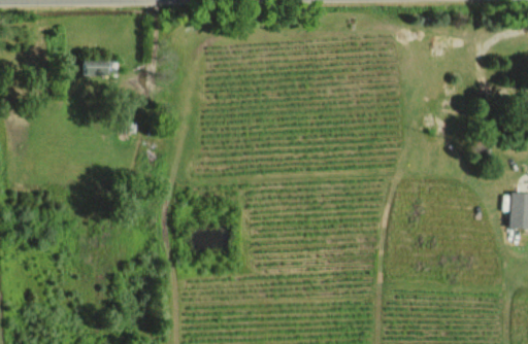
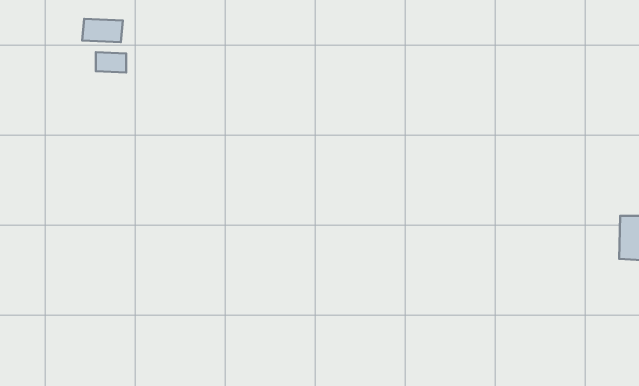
building: none -> [82,19,123,42]

